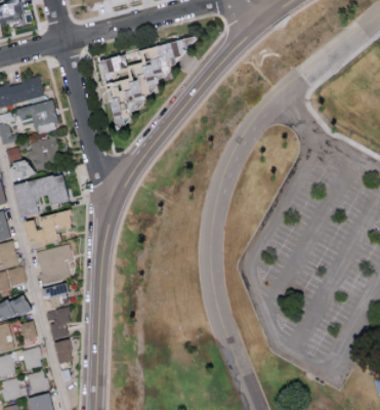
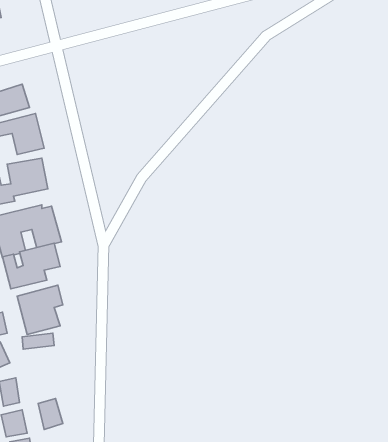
building: [96,39,193,125] -> none
building: [46,306,71,338] -> none

